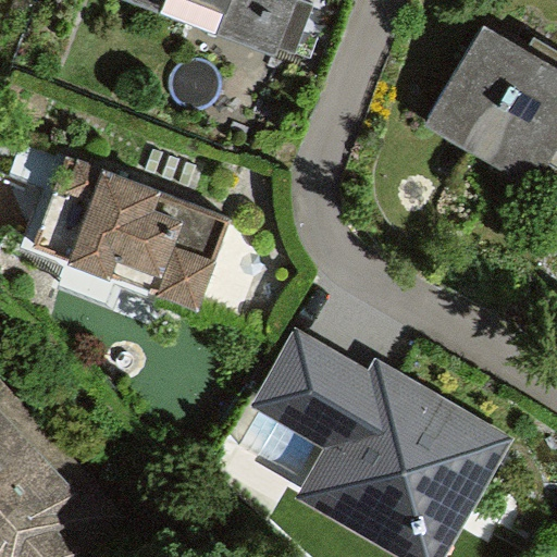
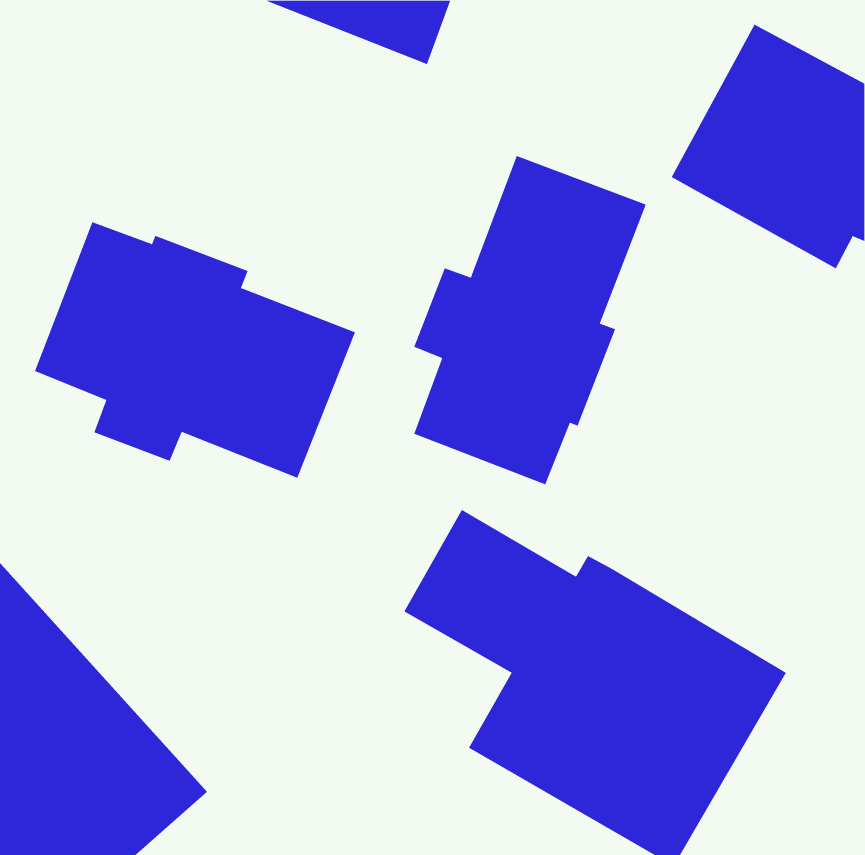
building: none -> [413,155,646,485]

